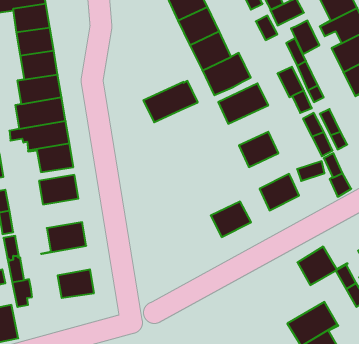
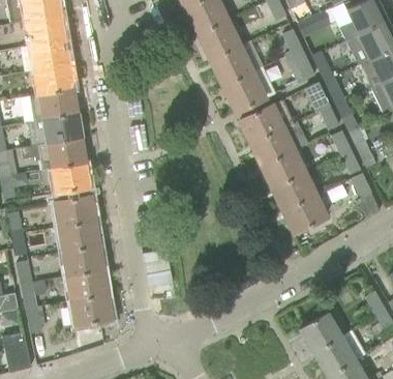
building: [291,21,319,54] -> [285,48,315,83]
building: [143,81,198,122] -> [251,121,308,165]
building: none -> [57,221,98,252]
building: [211,202,251,237] -> [273,173,315,210]
building: none -> [56,270,107,301]
building: [297,247,348,285] -> [300,312,353,352]

